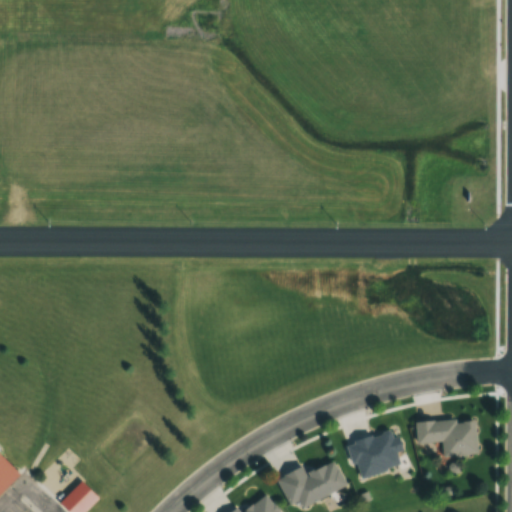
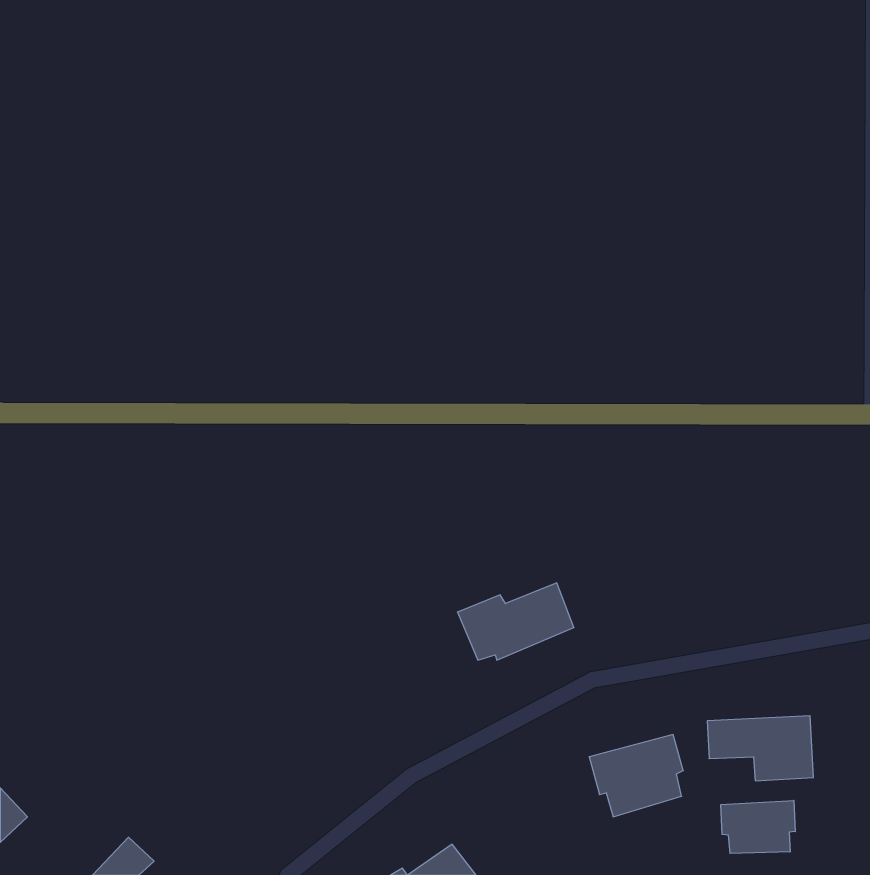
building: [278,460,346,505] -> [457,583,574,660]
building: none -> [721,800,795,853]

